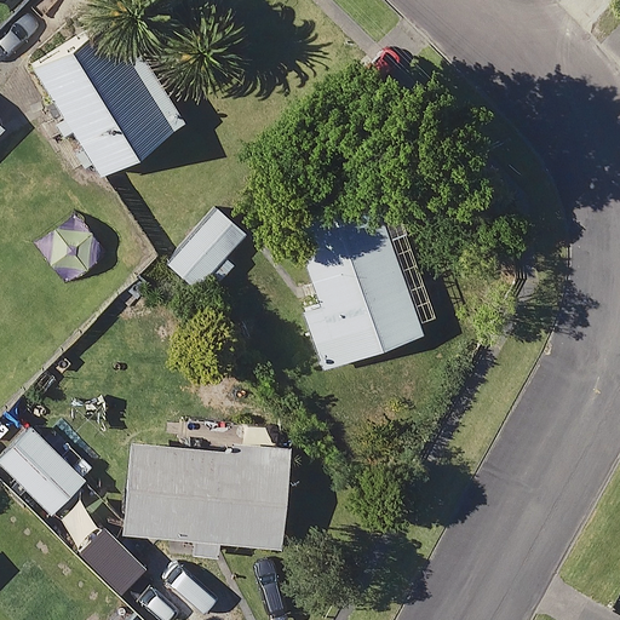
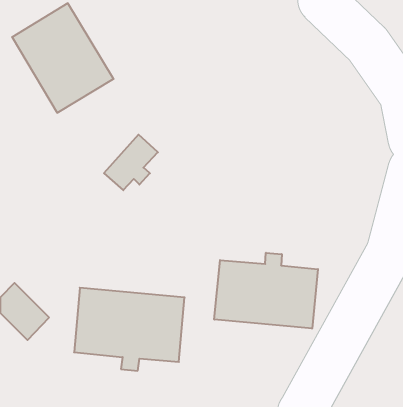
building: [292,197,424,373] -> none
building: none -> [214,253,318,329]

